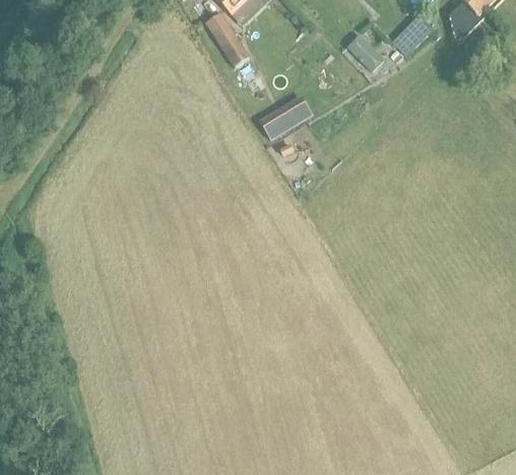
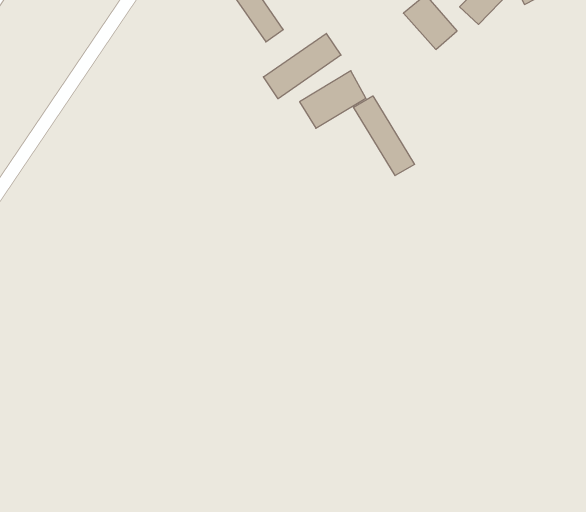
building: none -> [263,33,341,99]
building: none -> [353,96,415,176]

